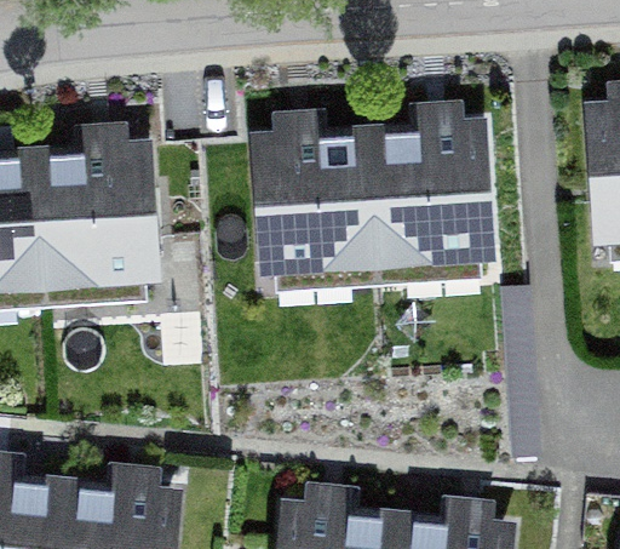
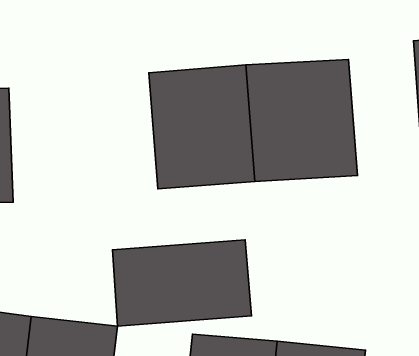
building: [34,145,173,307] -> none
building: none -> [113,240,251,326]

